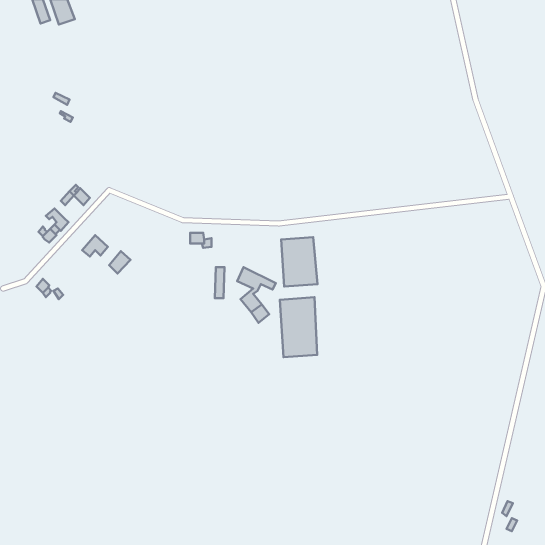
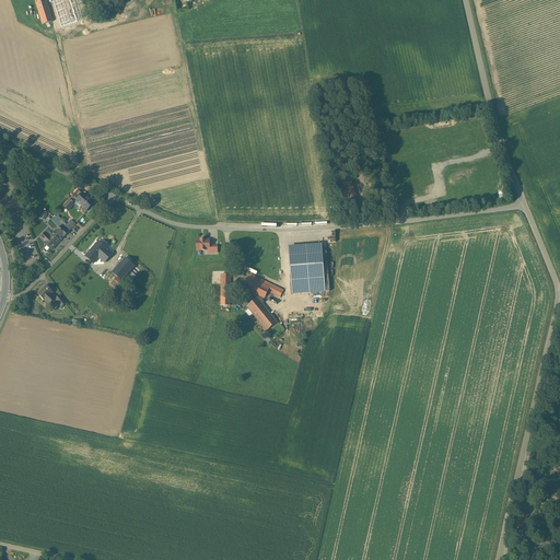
building: [280,297,317,357] -> none

